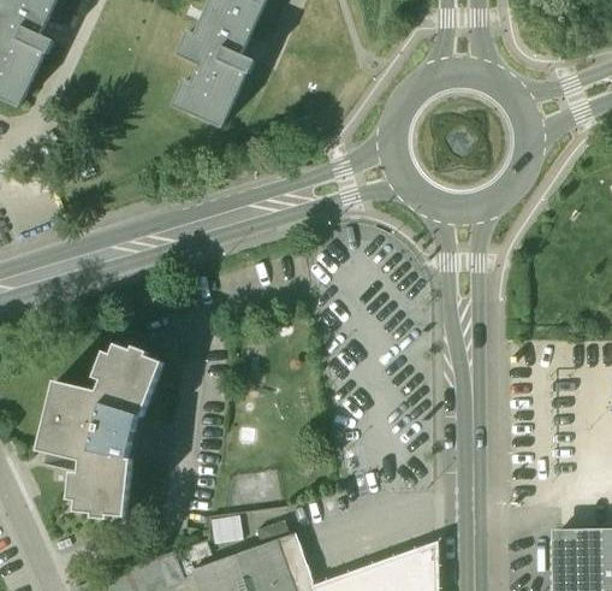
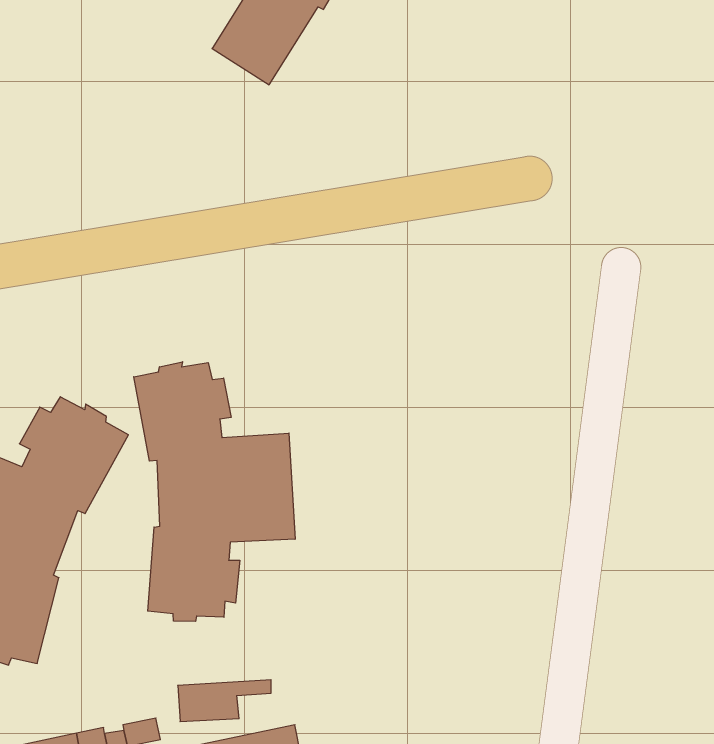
building: none -> [134,362,295,621]

